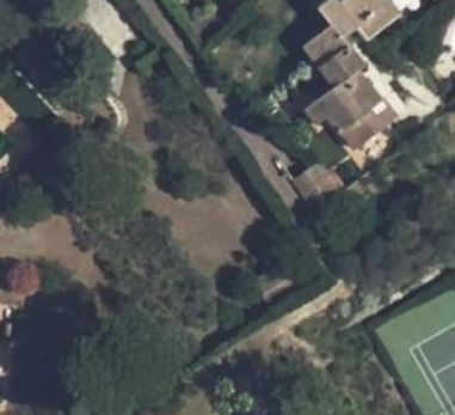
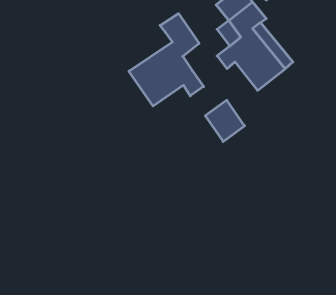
building: none -> [129,14,204,106]

